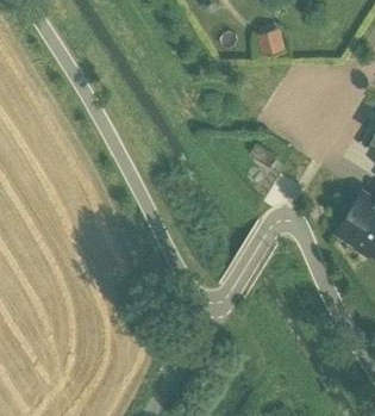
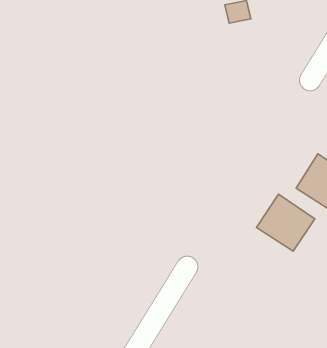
building: none -> [256,194,315,251]

